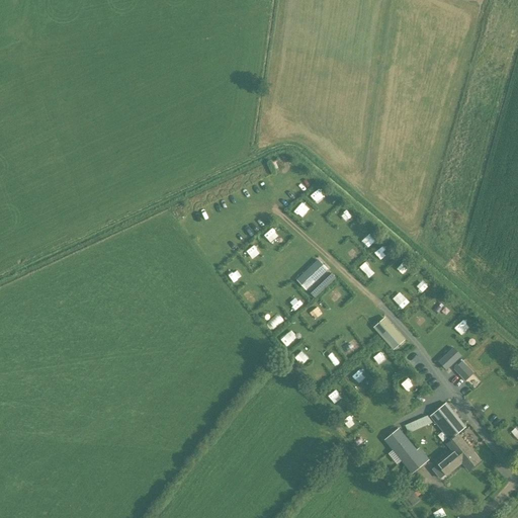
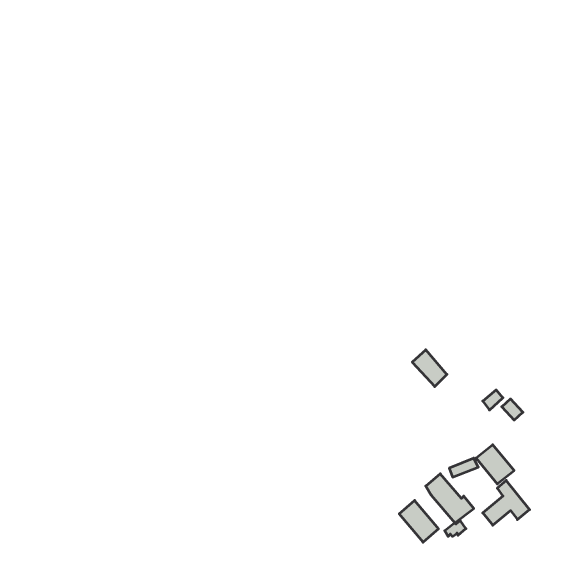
building: [296,259,328,290] -> none
building: none -> [399,500,438,542]

